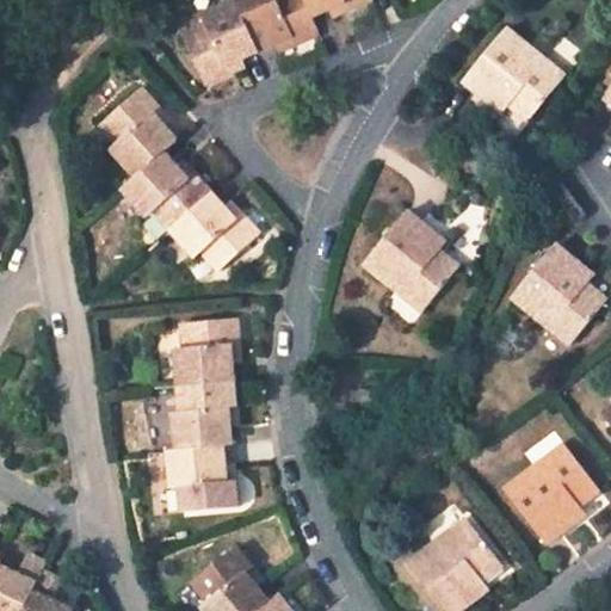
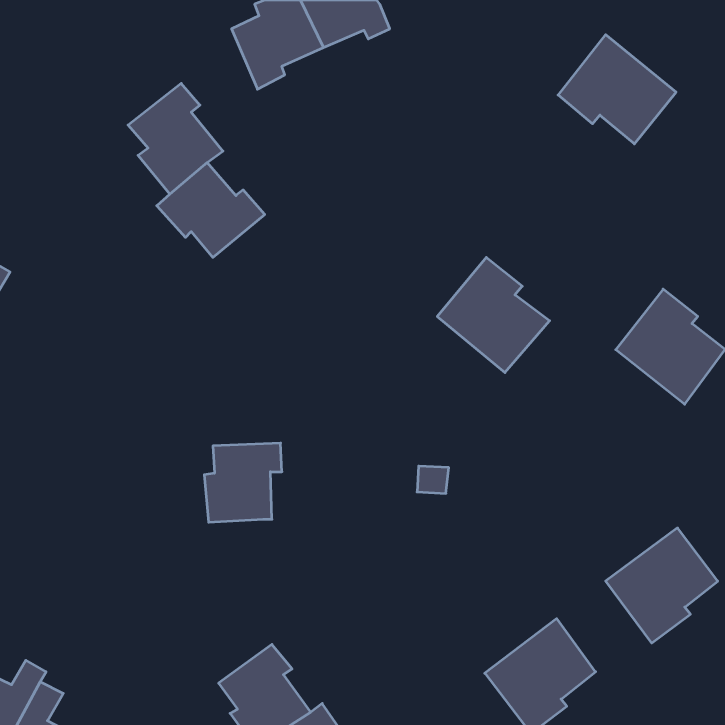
building: [177,186,265,264] -> none
building: [177,311,239,378] -> none
building: [163,439,229,505] -> none

